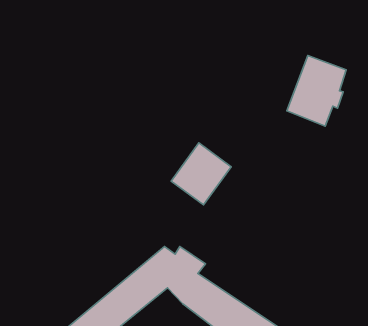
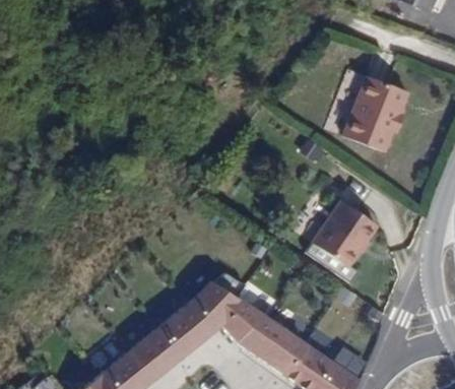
building: [171,143,231,205] -> [310,203,374,269]

